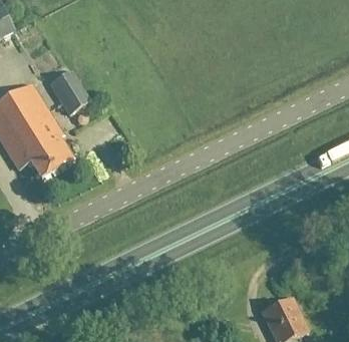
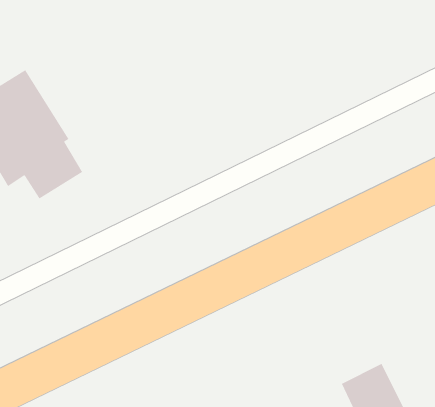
building: [49,69,90,113] -> none

